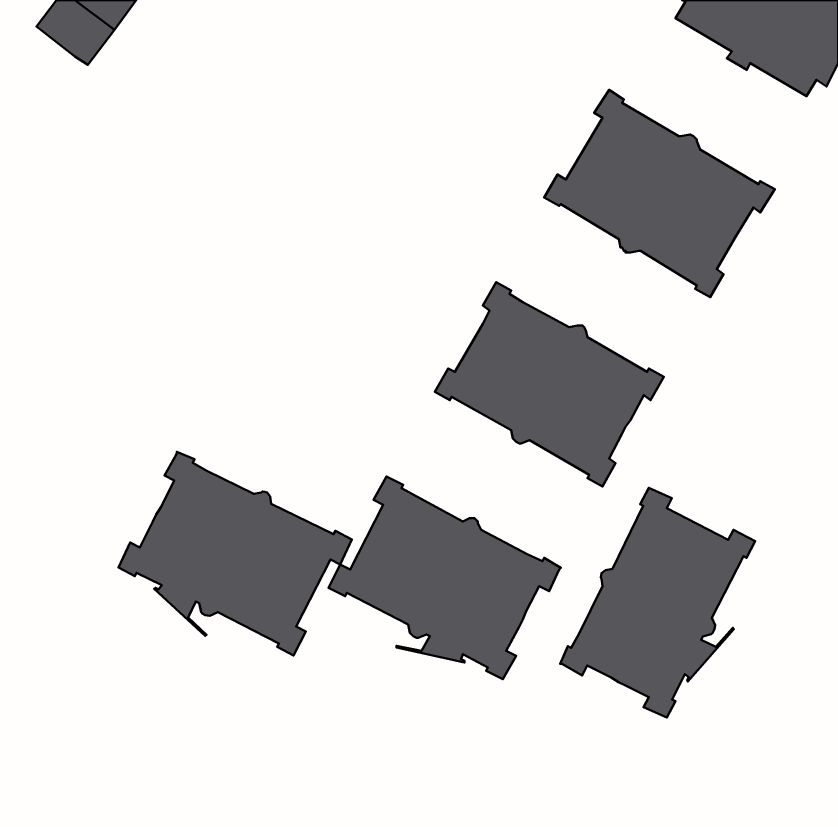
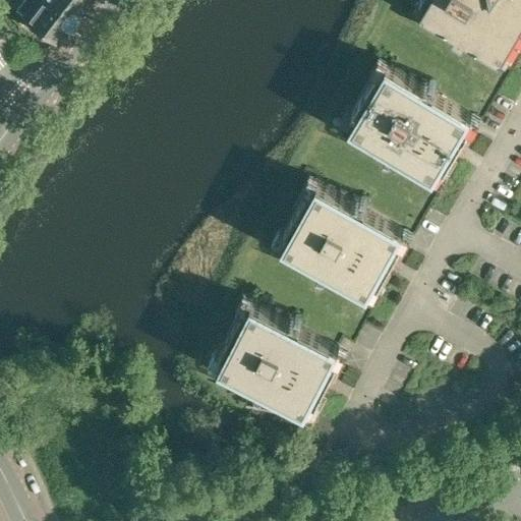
building: [119,452,352,655] -> none
building: [560,488,755,718] -> none

